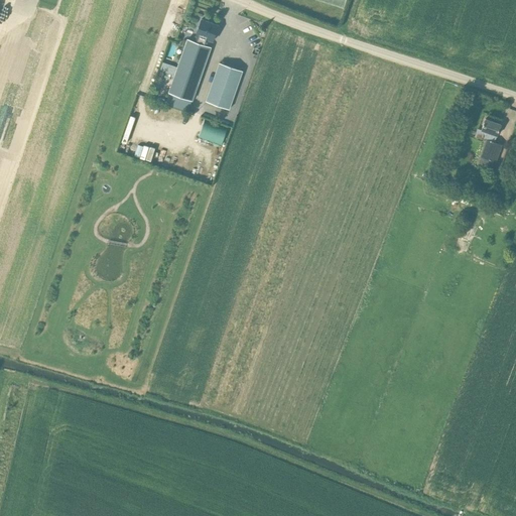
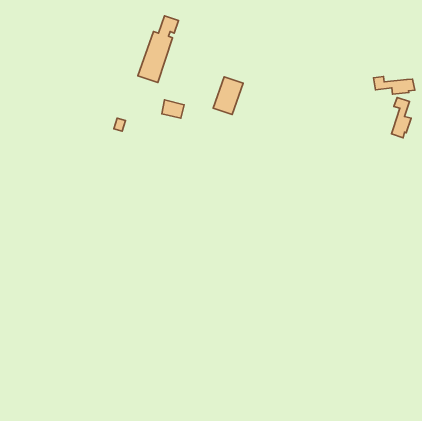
building: [206,63,242,110] -> [213,77,243,115]
building: none -> [373,76,415,94]

